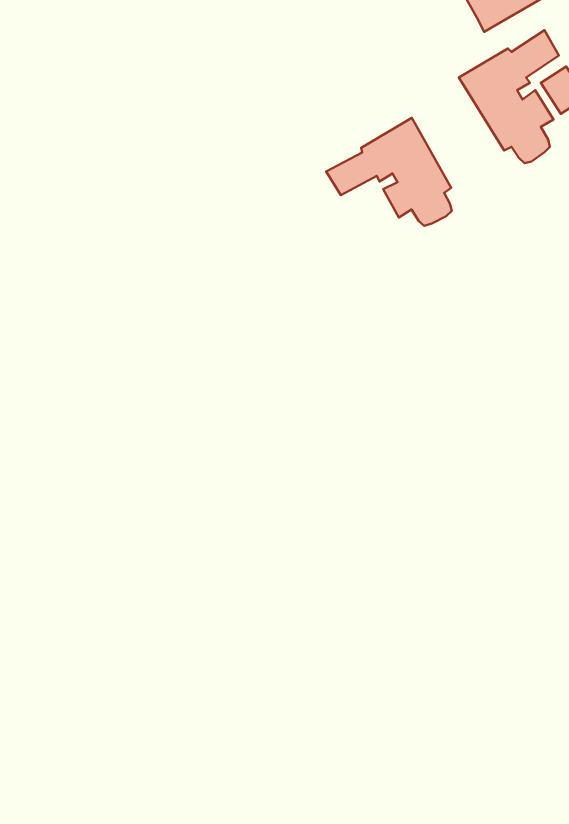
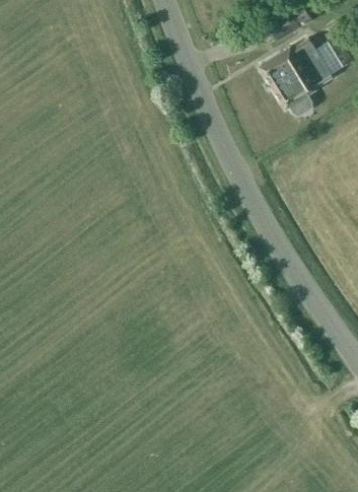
building: [326,118,452,226] -> none

